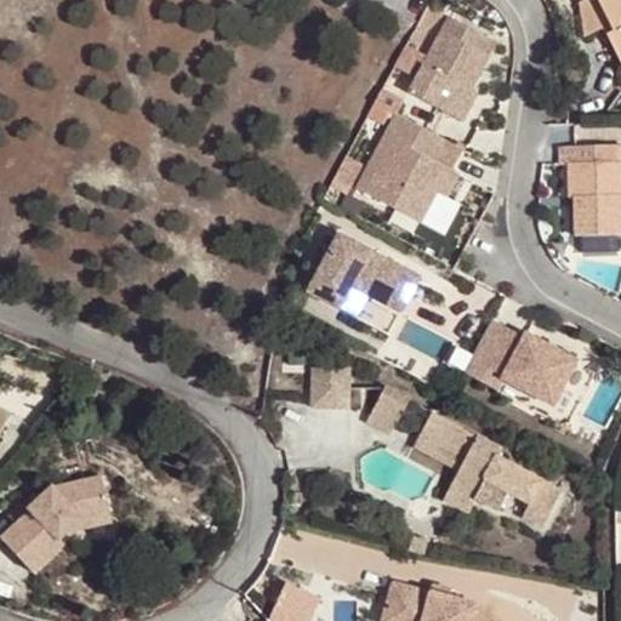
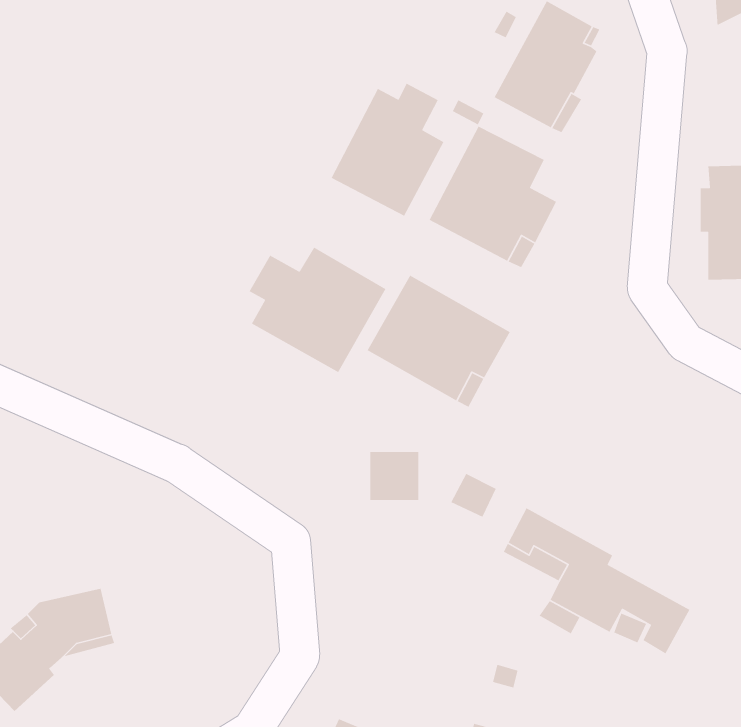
building: none -> [331,83,444,217]
building: none -> [249,247,387,373]
building: [463,319,577,406] -> none

